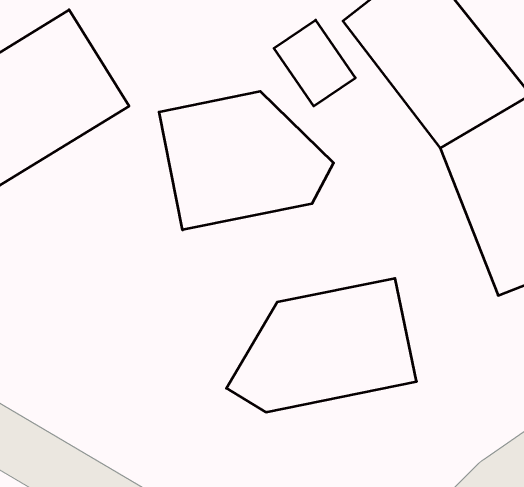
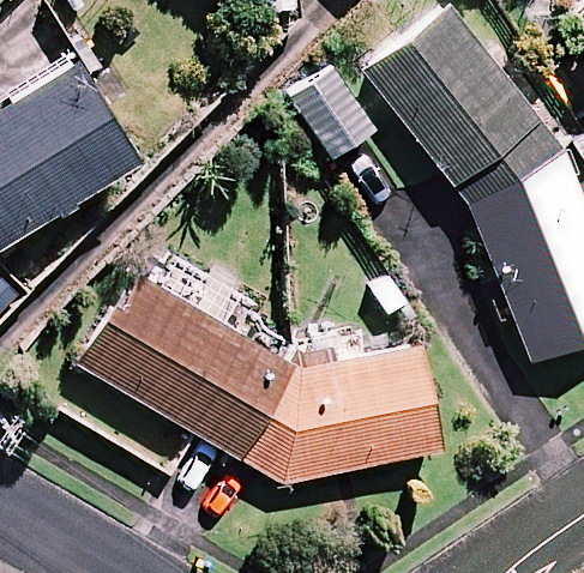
building: [159,91,334,230] -> none
building: none -> [80,278,296,459]

